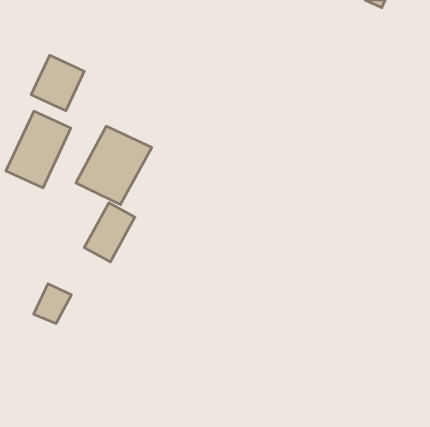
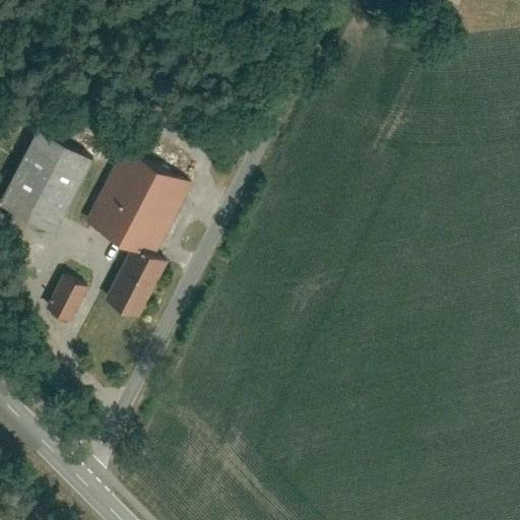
building: [31,55,84,111] -> none
building: [34,284,71,323] -> [46,275,91,323]

